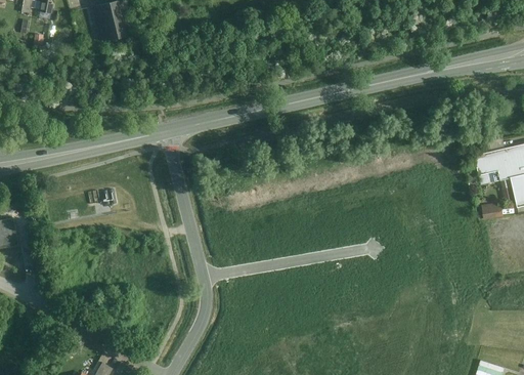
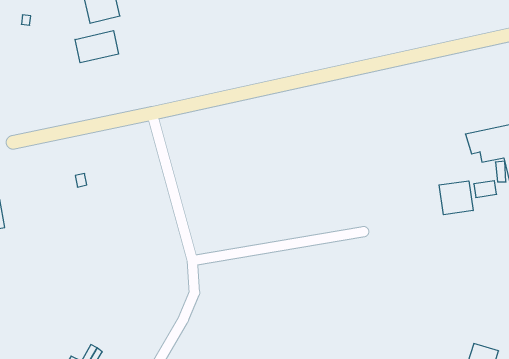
building: none -> [75,31,118,63]
building: none -> [439,181,473,215]

